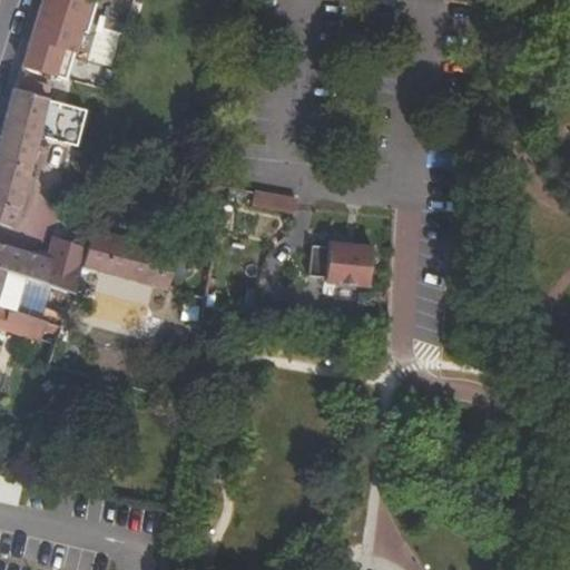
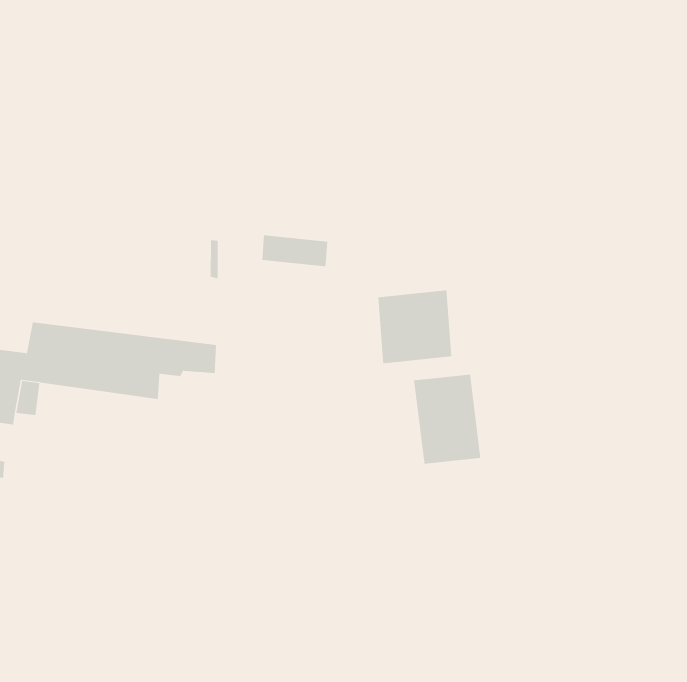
building: none -> [414,374,481,465]

